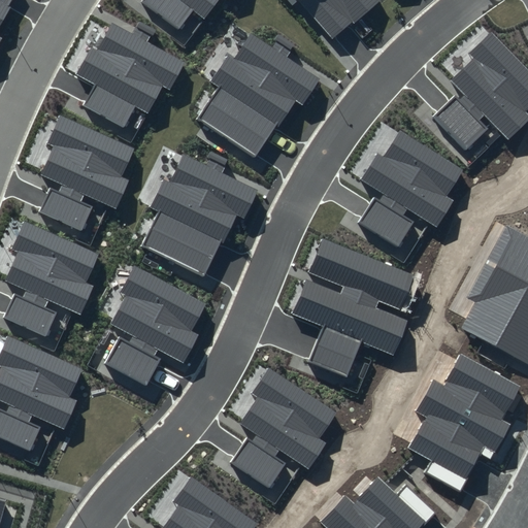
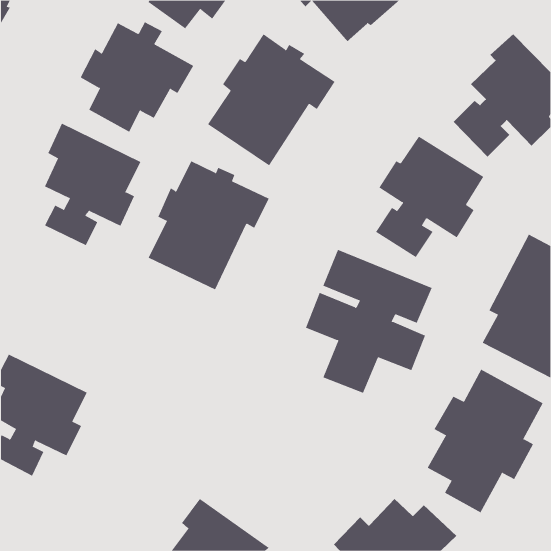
building: [6,223,99,340] -> none
building: [104,265,205,385] -> none
building: [229,368,335,489] -> none

